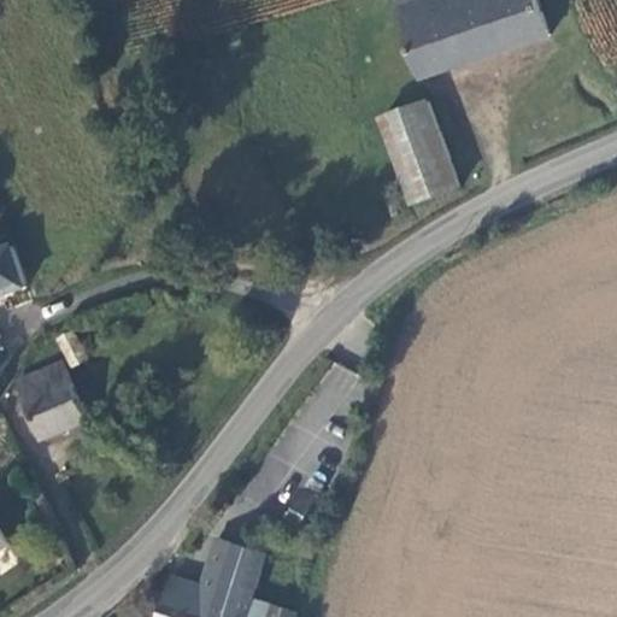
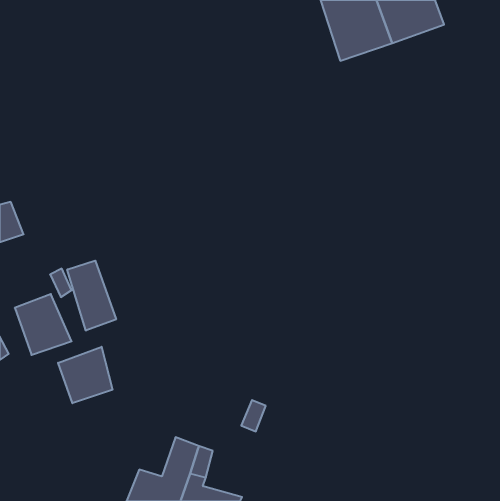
building: [382,104,459,202] -> none
building: none -> [67,261,116,331]
building: none -> [58,347,113,403]

